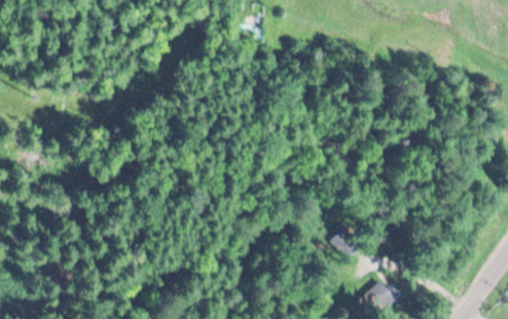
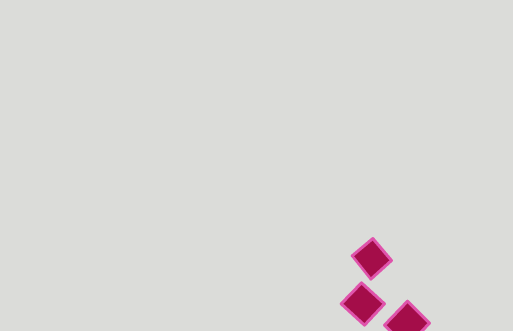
building: none -> [341,283,385,325]

